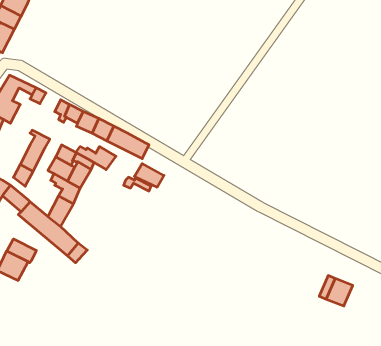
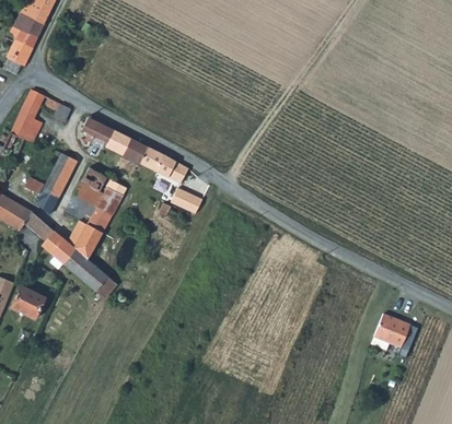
building: [76,147,116,170] -> none
building: [7,239,36,263] -> none

